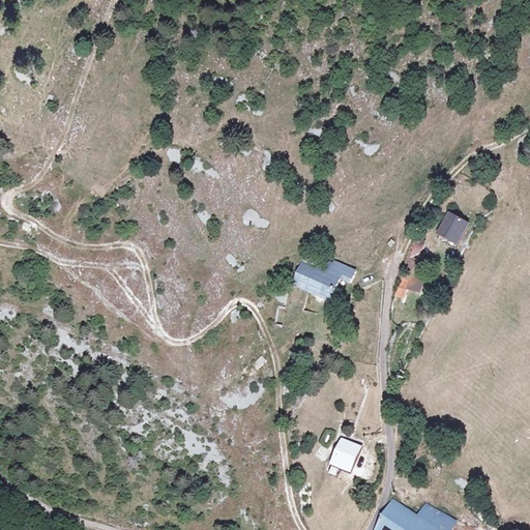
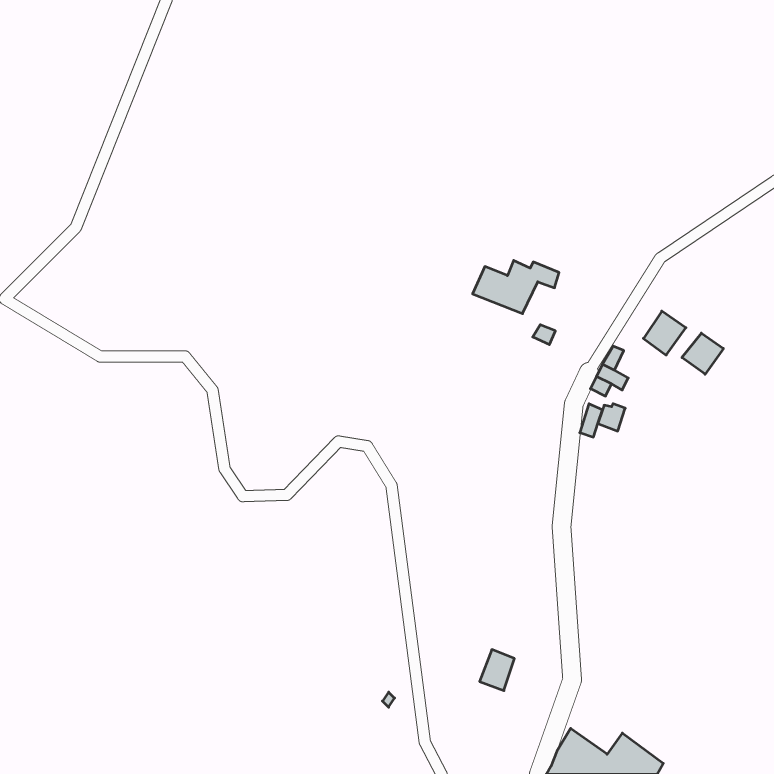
building: none -> [682,333,723,374]
building: [295,262,354,298] -> [473,260,559,314]

